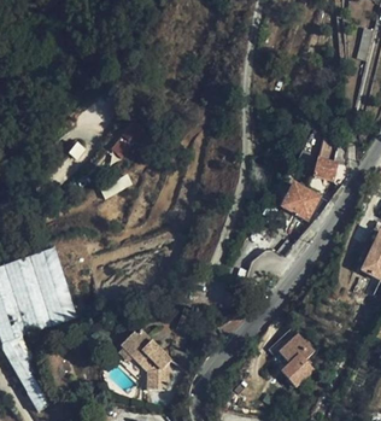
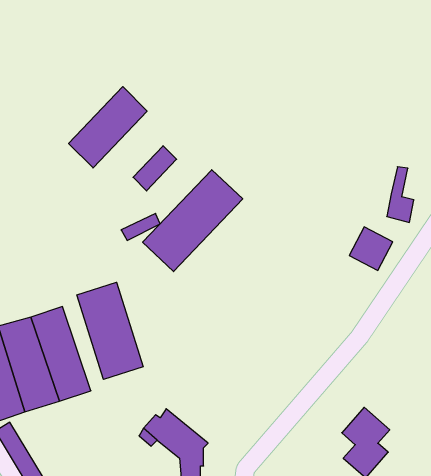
building: none -> [69,87,147,168]
building: none -> [143,170,243,272]
building: none -> [77,282,143,379]

